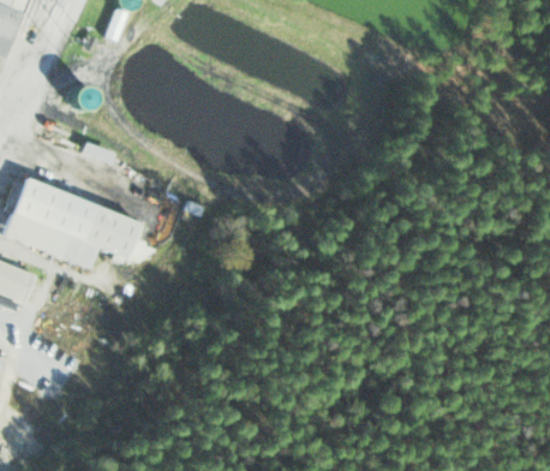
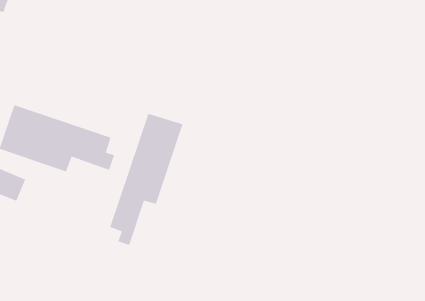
building: none -> [109,113,183,246]

